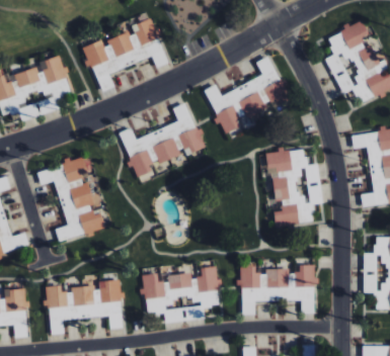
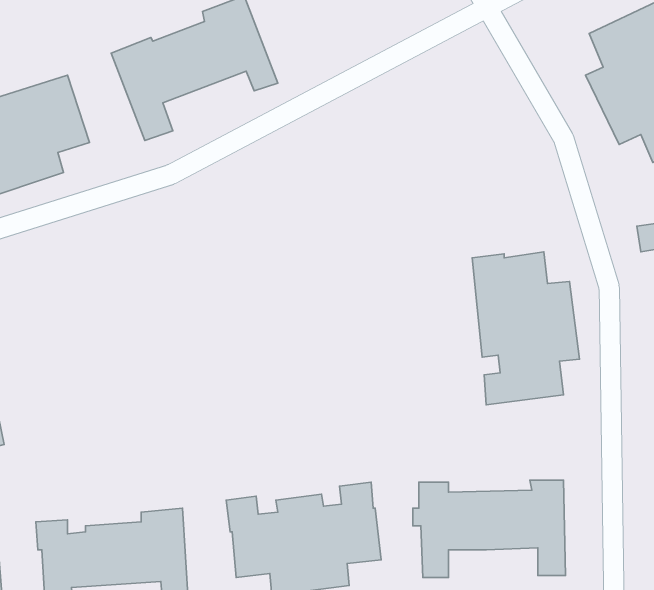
building: [205,57,289,134] -> none
building: [119,102,206,176] -> none
building: [36,155,105,241] -> none

